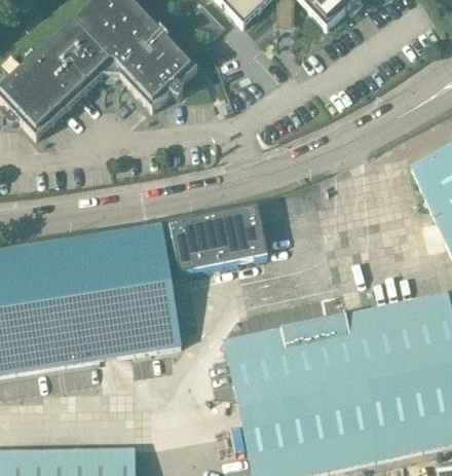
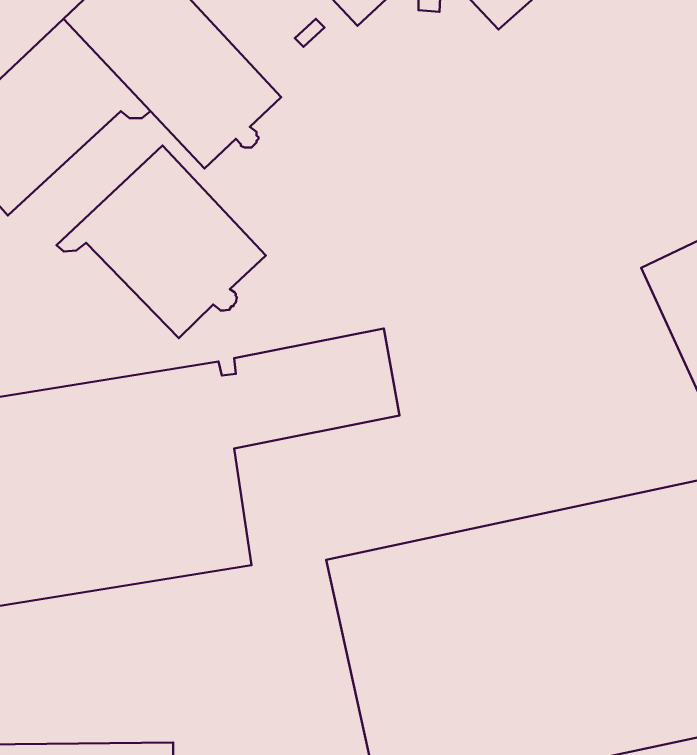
building: none -> [57,145,266,338]

